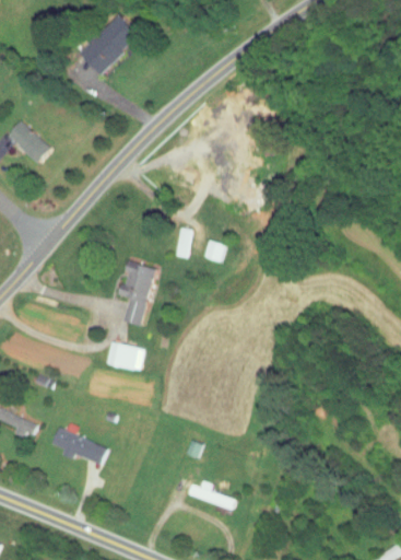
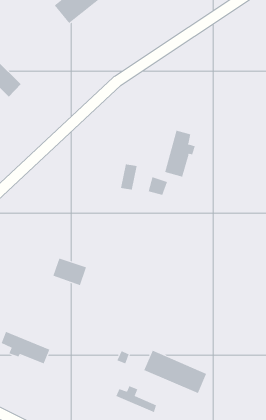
building: none -> [164,130,196,177]
building: [118,260,156,326] -> none
building: none -> [144,350,207,394]

